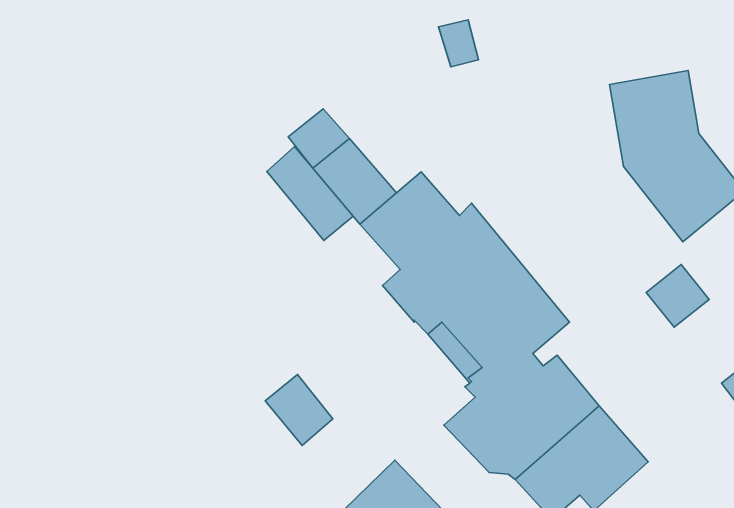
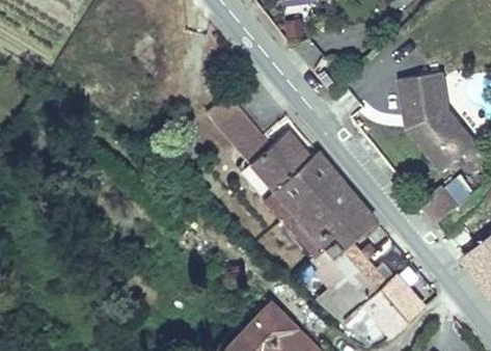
building: [267,147,353,240] -> none
building: [265,374,333,445] -> none

